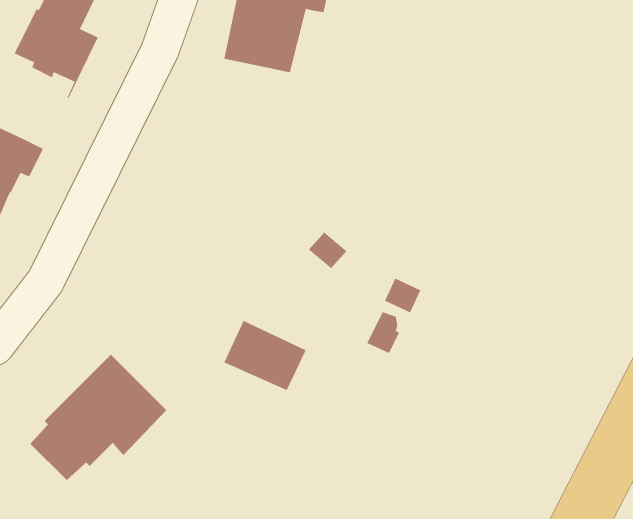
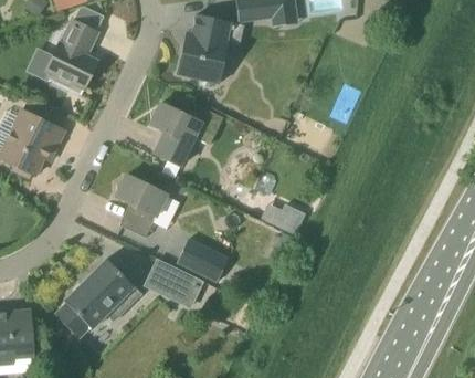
building: none -> [150,102,201,166]
building: none -> [115,174,167,238]
building: none -> [146,261,201,306]

